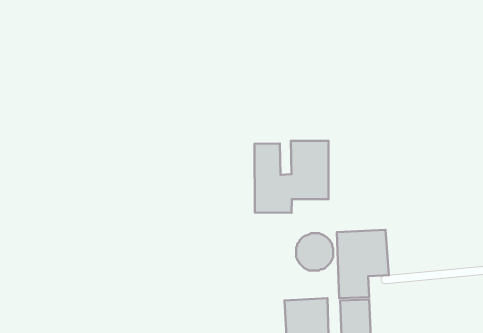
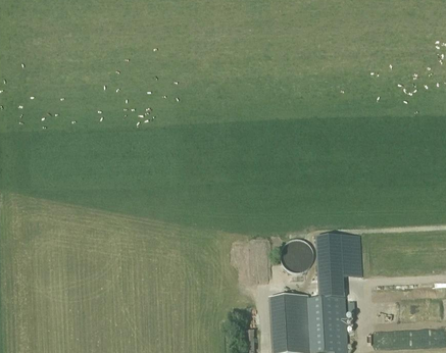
building: [254,141,328,213] -> none

